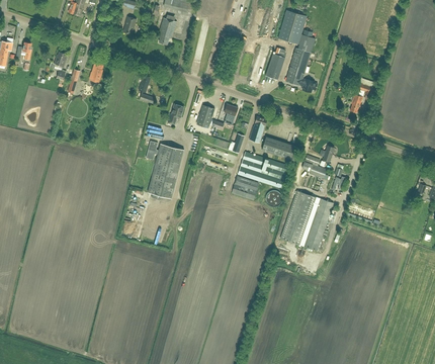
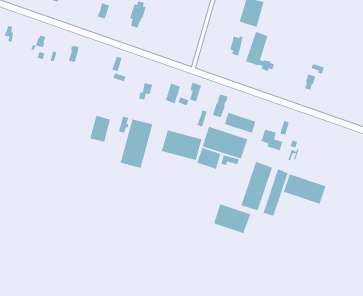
building: none -> [90,115,111,143]
building: none -> [161,129,202,161]
building: none -> [283,174,326,204]
building: none -> [213,203,251,234]

